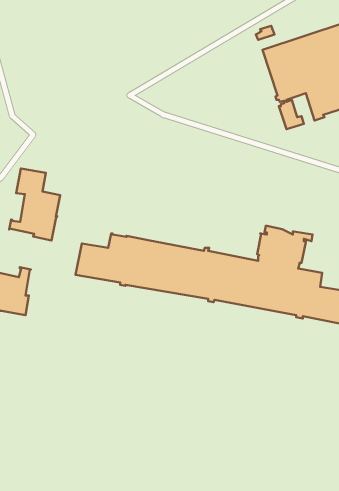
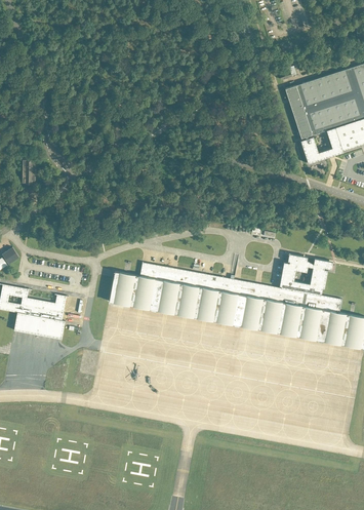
building: [9,168,60,241] -> none

